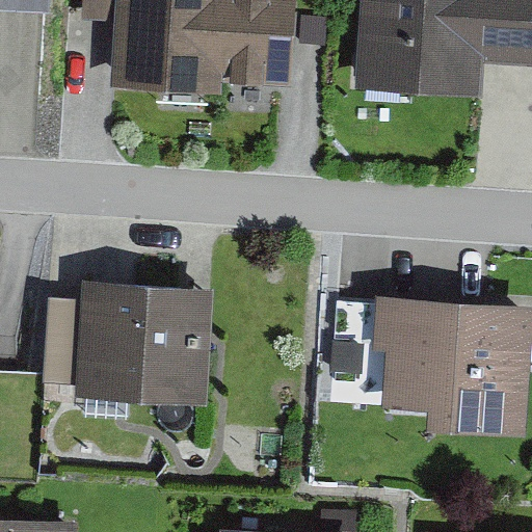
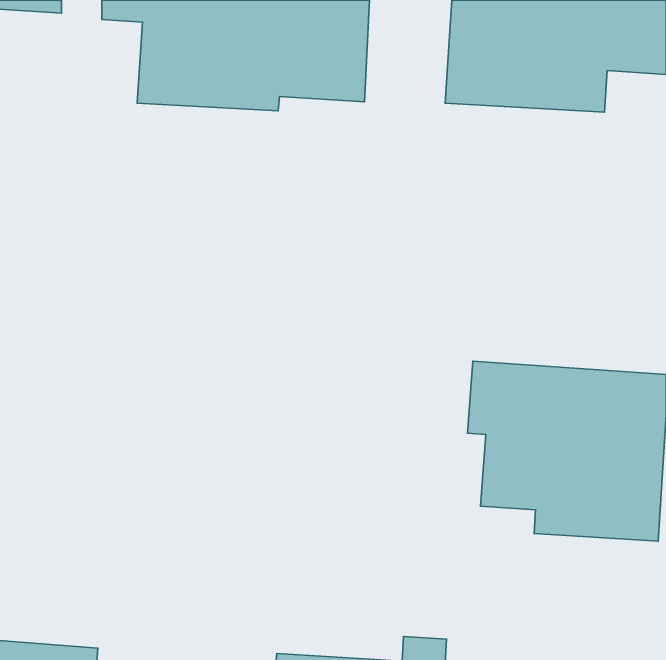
building: [42,276,212,403] -> none

